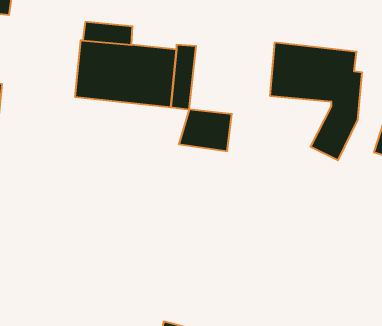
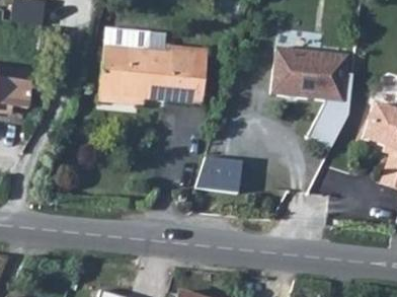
building: [179,110,232,151] -> [192,160,239,197]

